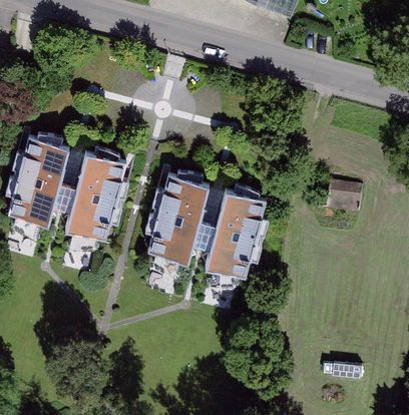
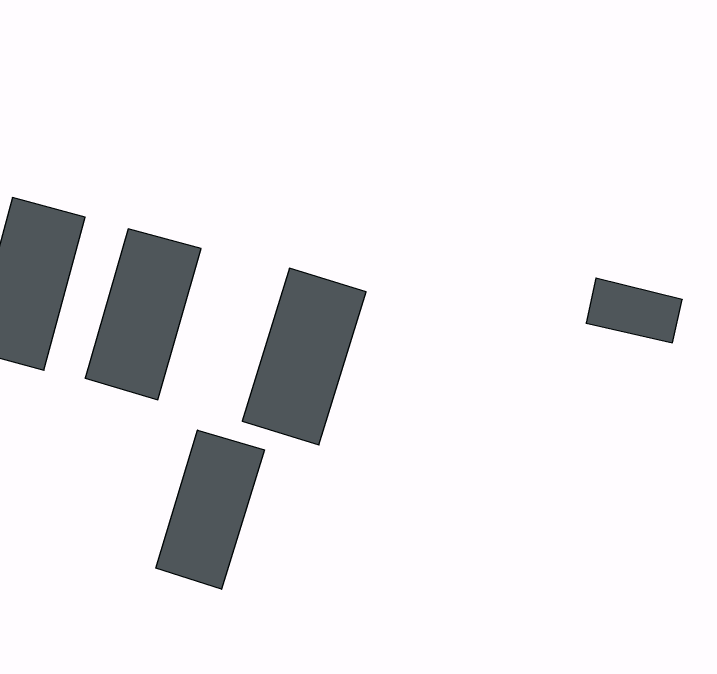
building: [210,192,267,281] -> none
building: none -> [156,430,264,589]

